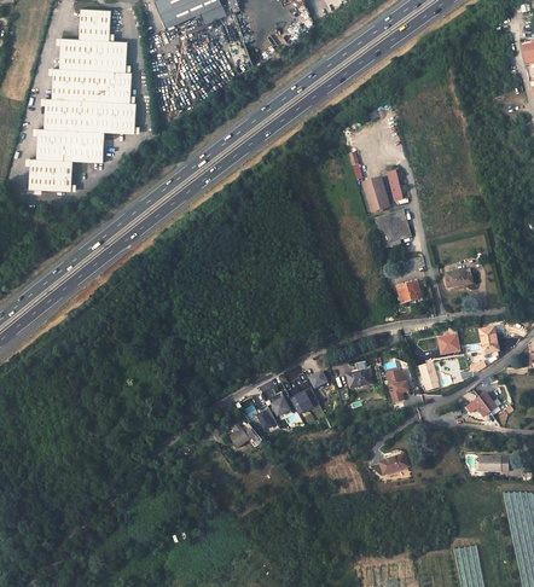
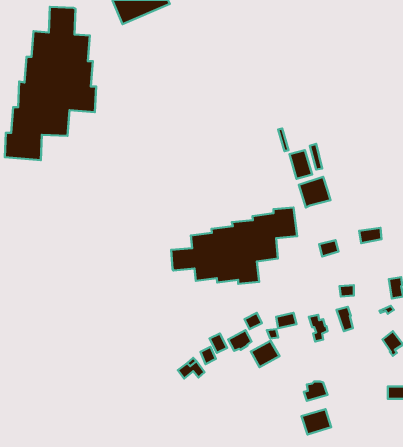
building: none -> [171,207,297,284]
building: none -> [251,341,279,367]
building: none -> [302,409,331,434]

